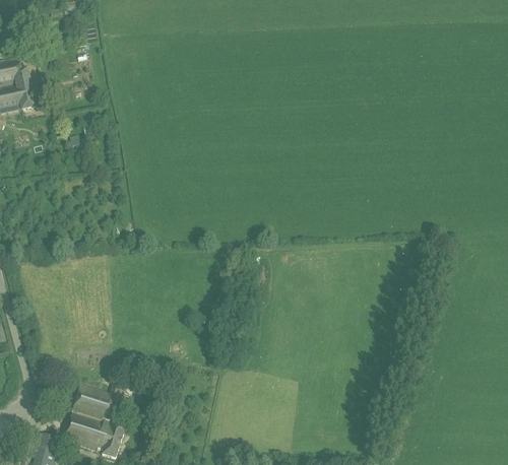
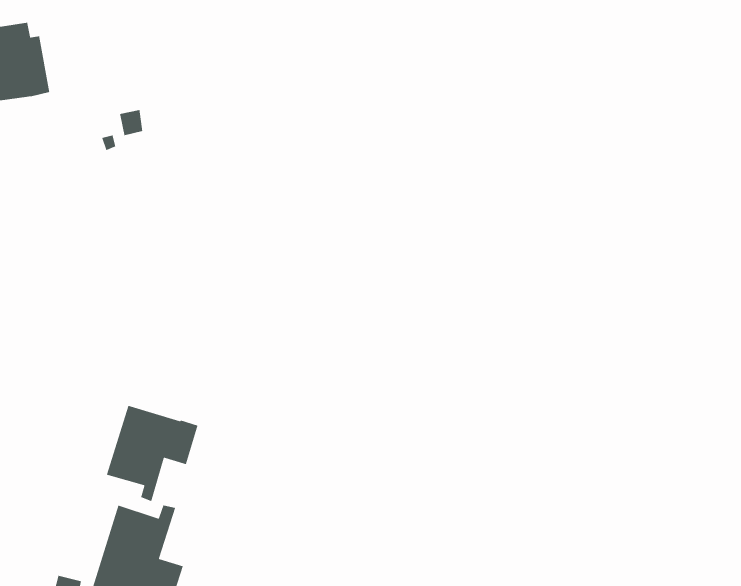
building: none -> [106,405,198,502]

